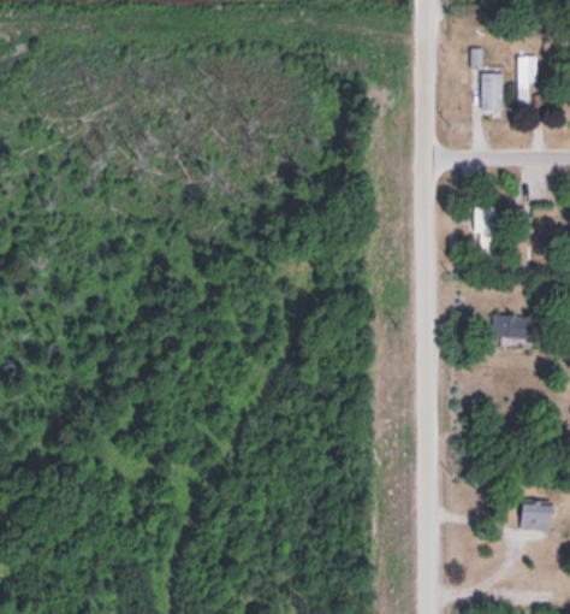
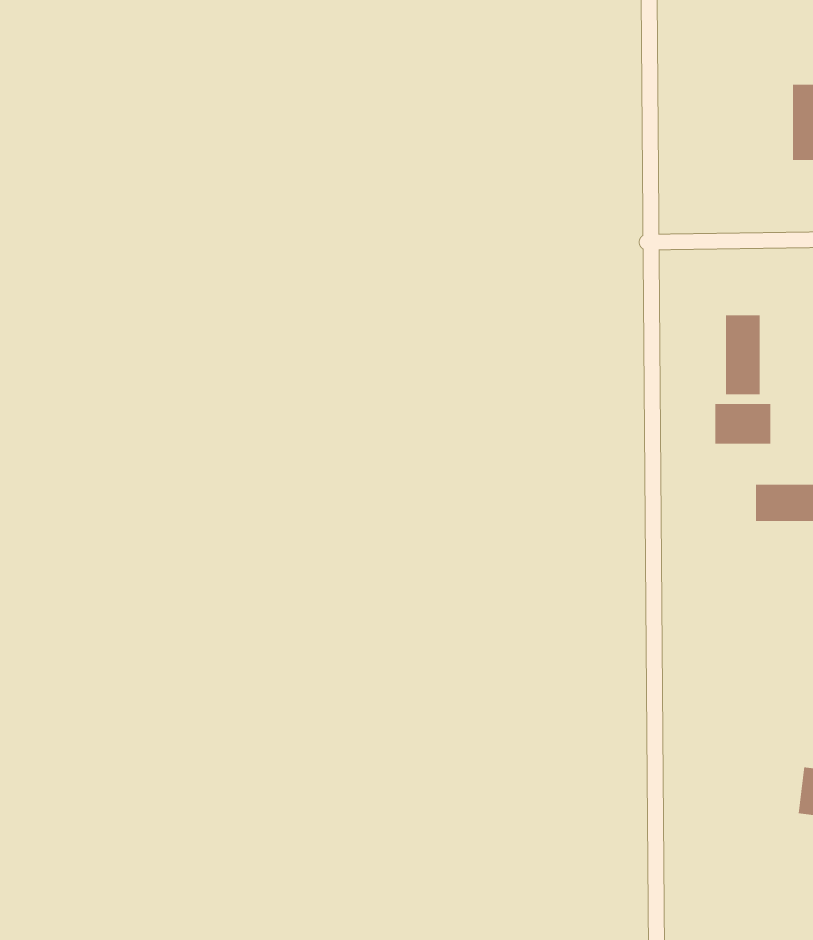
building: [471,58,504,111] -> none
building: none -> [715,403,771,445]

